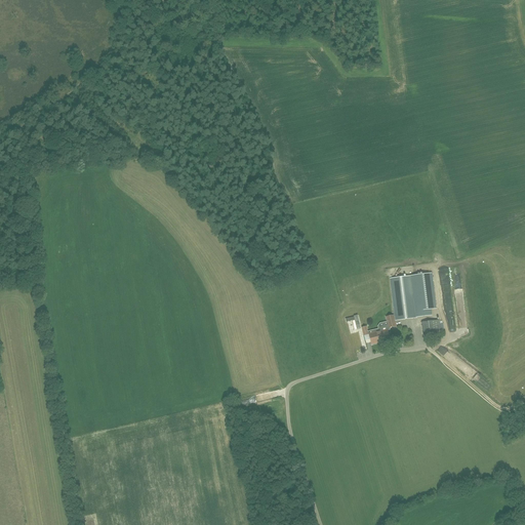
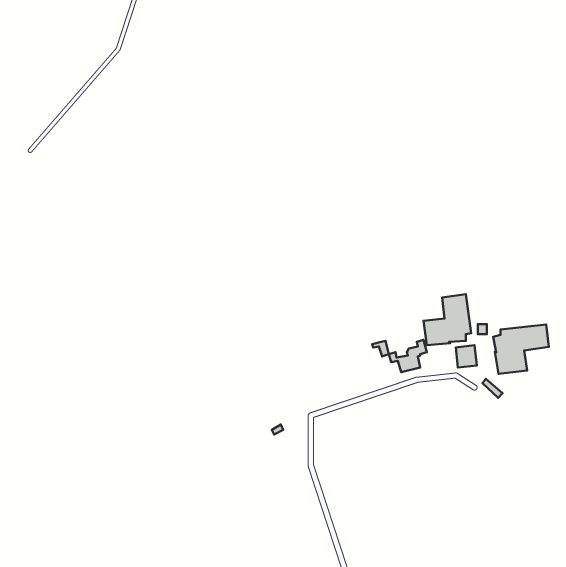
building: none -> [493,324,549,374]

